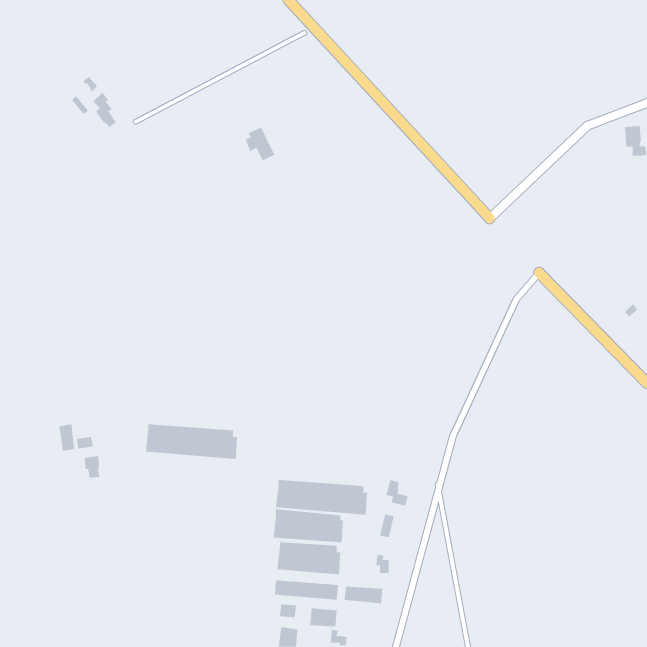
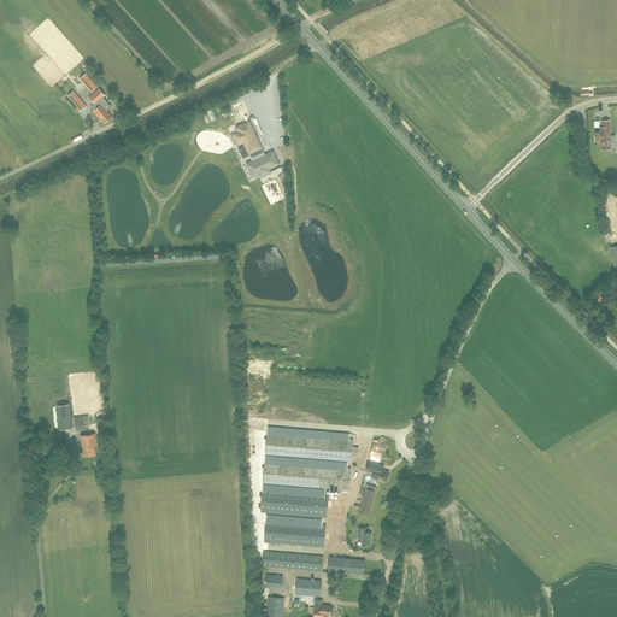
building: none -> [246,151,282,181]
building: [145,424,238,459] -> [264,427,352,460]

